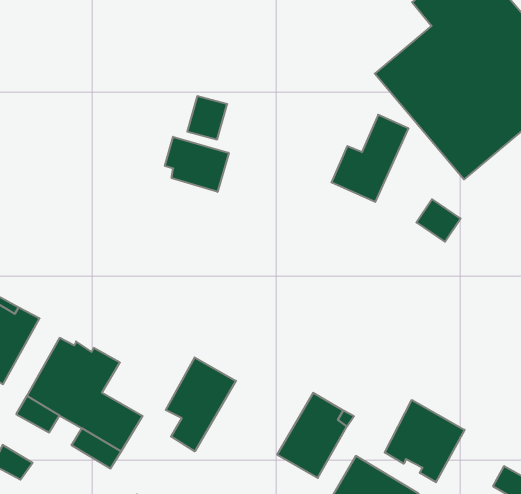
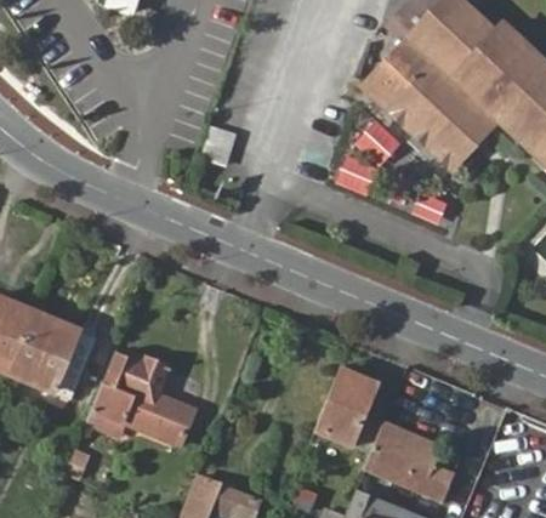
building: [165,137,229,192] -> none
building: [166,357,236,451] -> none
building: [385,400,465,482] -> none

